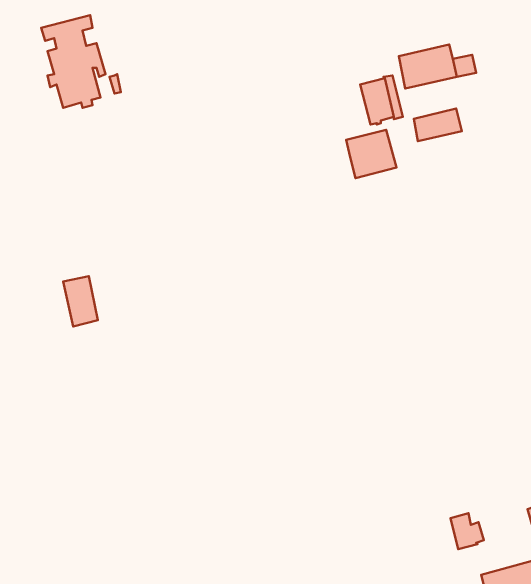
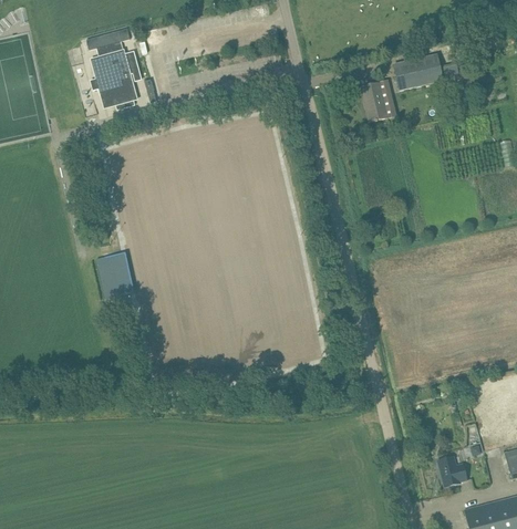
building: [414,108,462,141] -> none
building: [346,130,397,178] -> none

